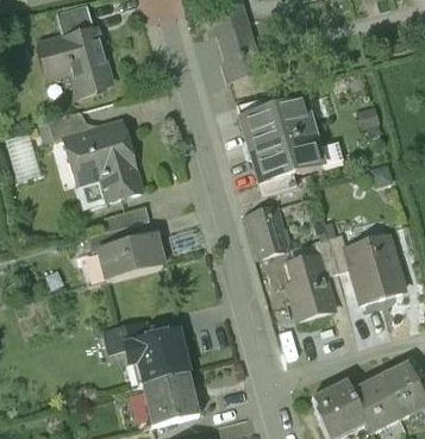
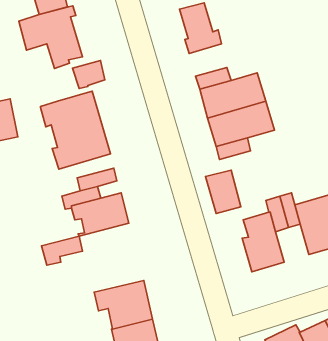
building: [48,112,83,143] -> [73,61,105,89]
building: [104,321,149,353] -> [41,236,82,265]

